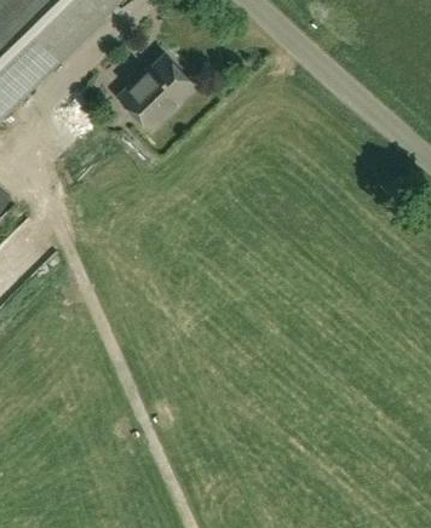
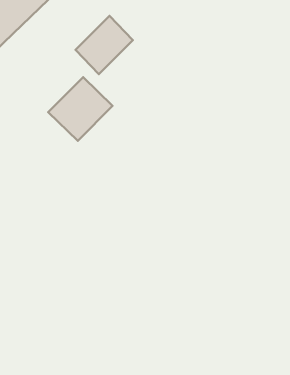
building: none -> [48,77,113,141]

